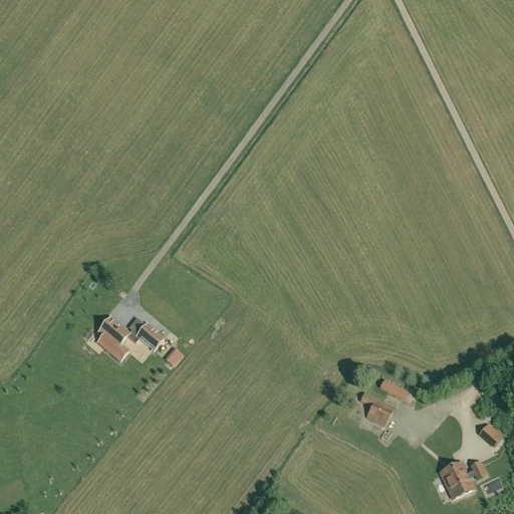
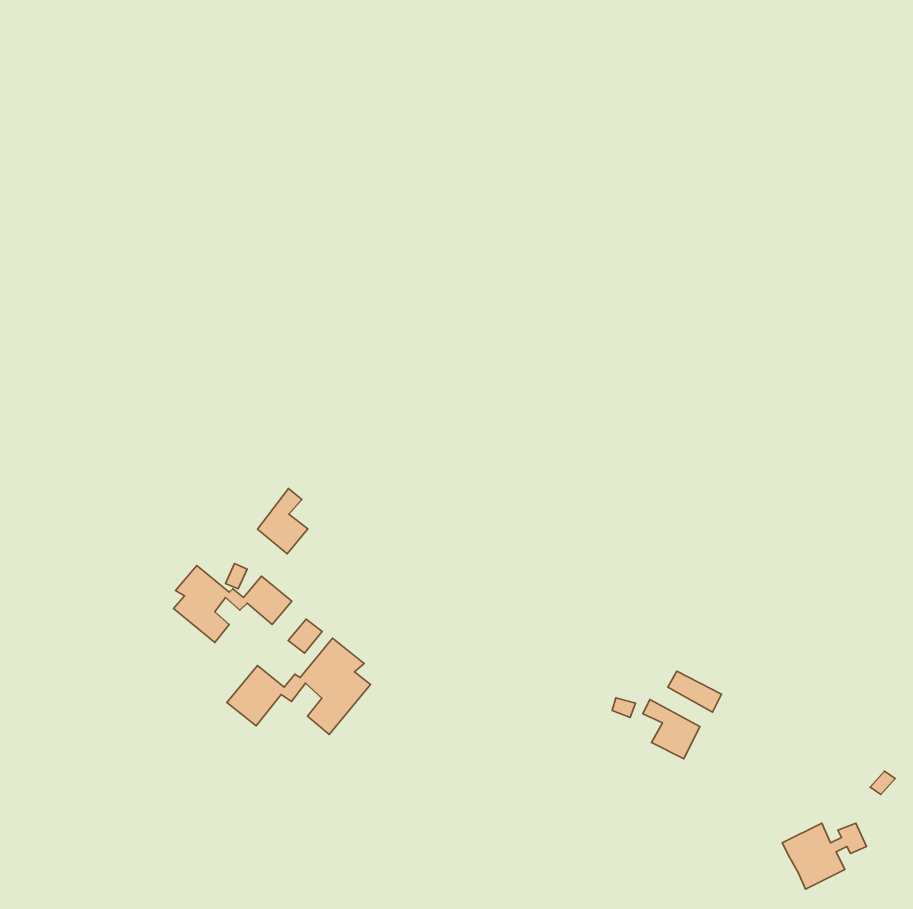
building: none -> [257,489,308,554]
building: none -> [227,638,370,735]

